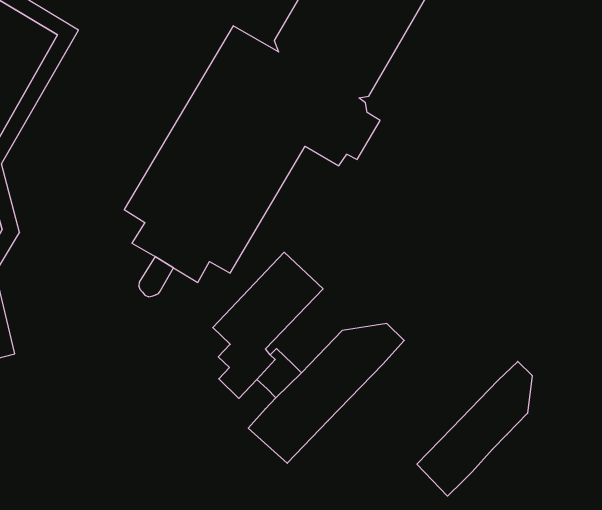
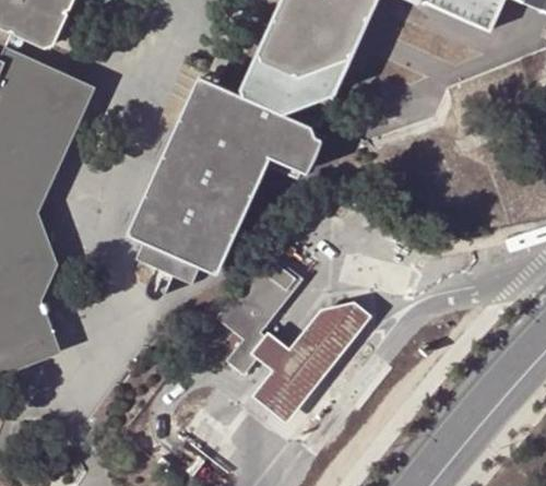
building: [417,361,532,496] -> none

